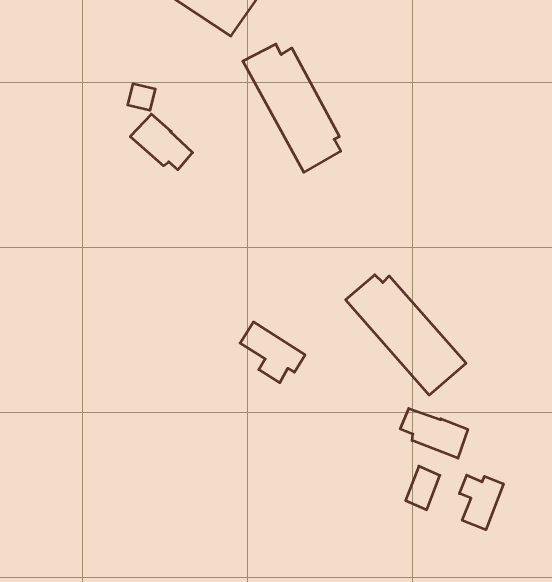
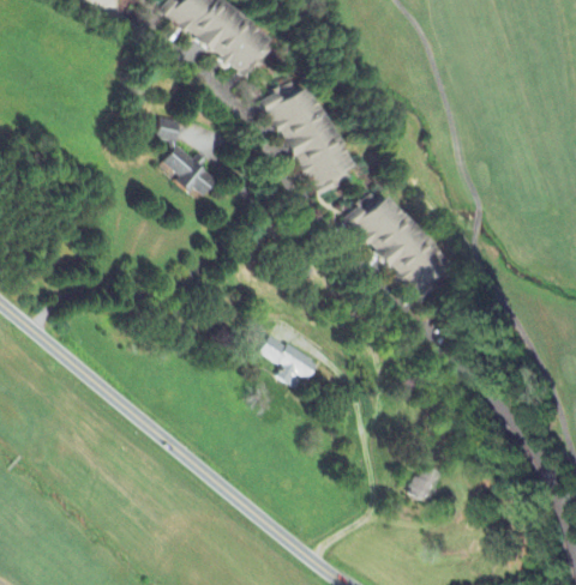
building: [346,275,466,395] -> [343,192,452,301]
building: [400,408,468,458] -> none
building: [459,475,503,530] -> none

